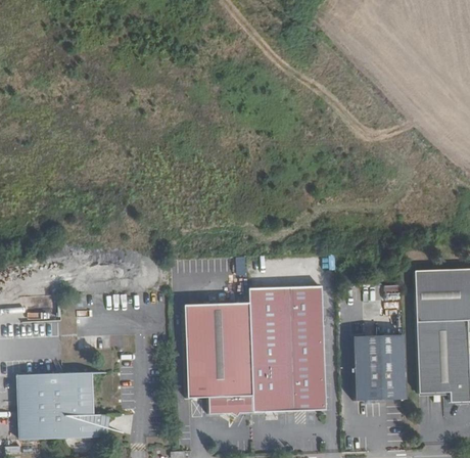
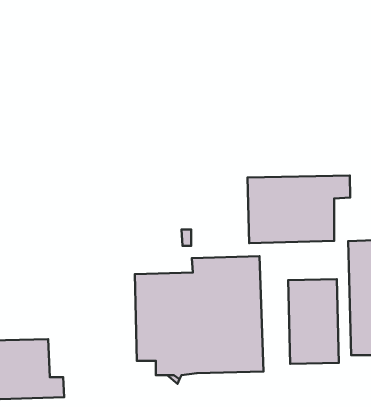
building: none -> [248,175,350,243]

